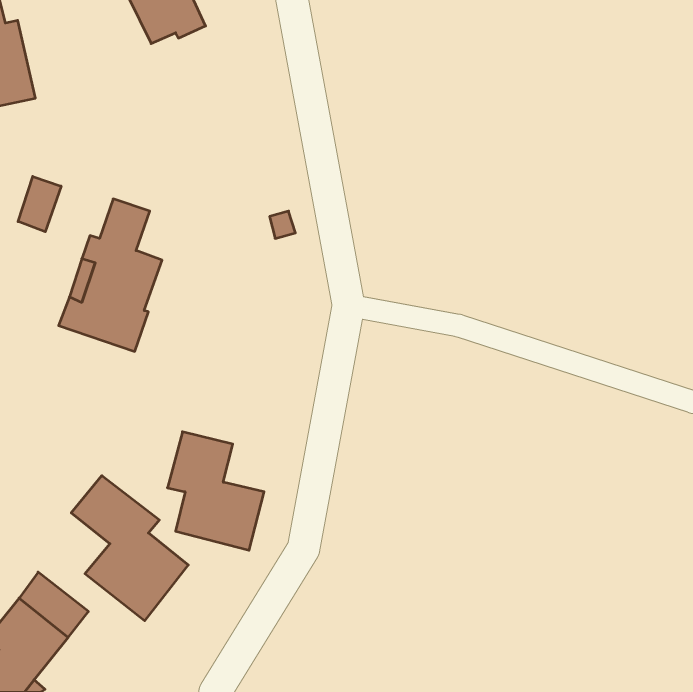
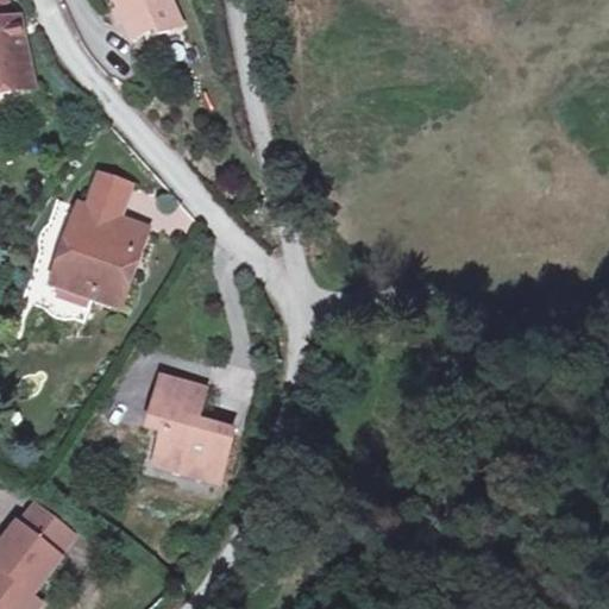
building: [18,176,61,232] -> none
building: [71,476,188,621] -> none

